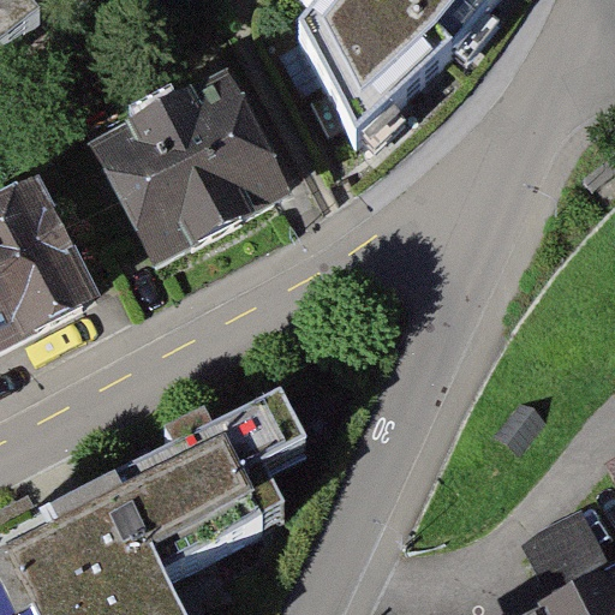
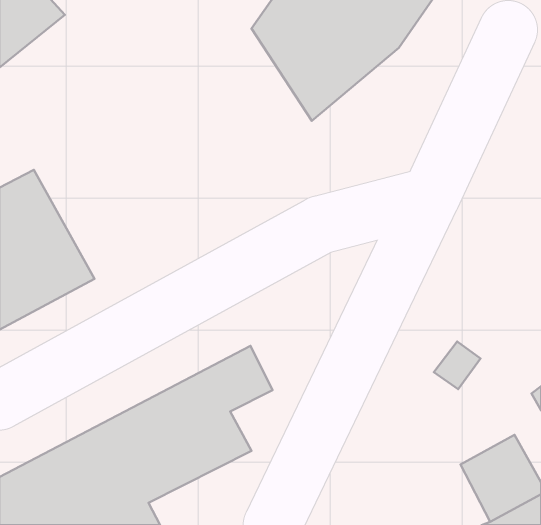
building: [77,77,287,281] -> none

